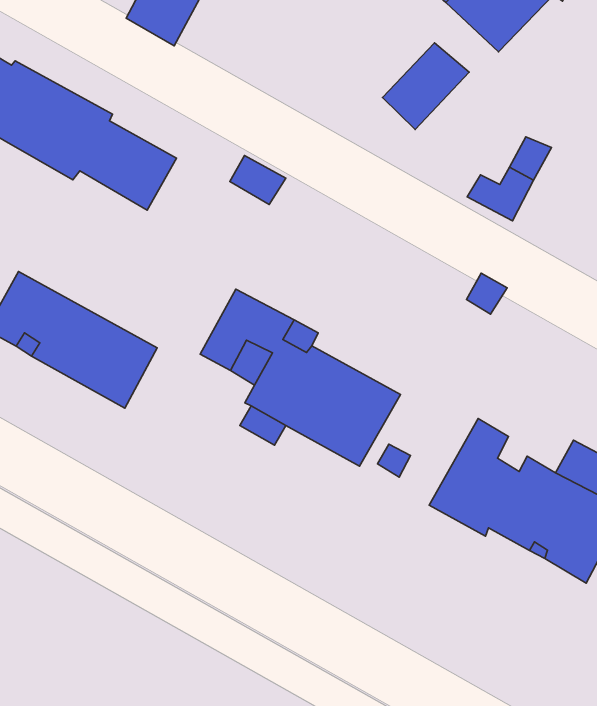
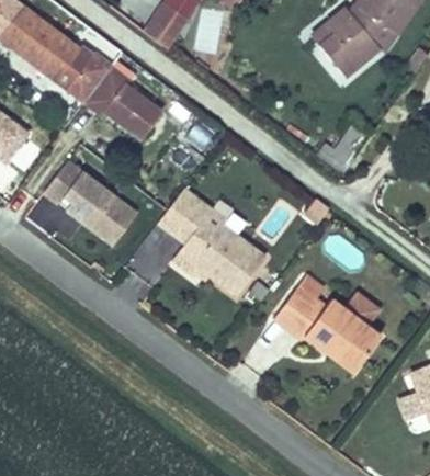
building: [382,43,469,129] -> none

